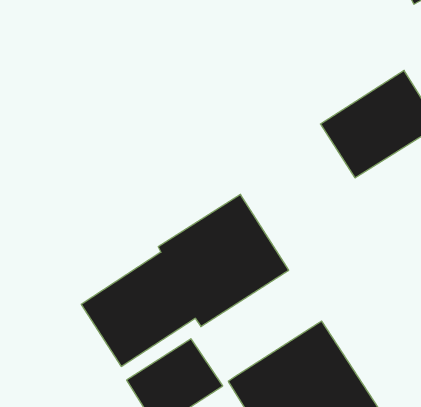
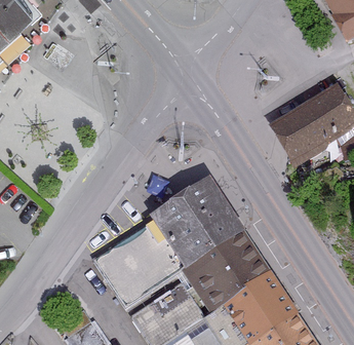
building: none -> [183,236,270,314]

